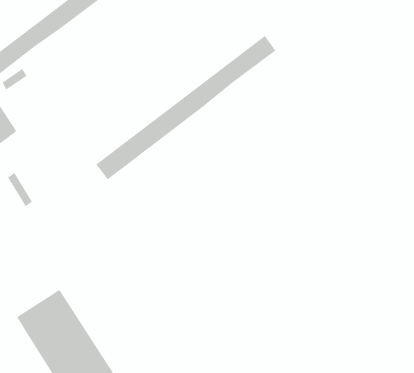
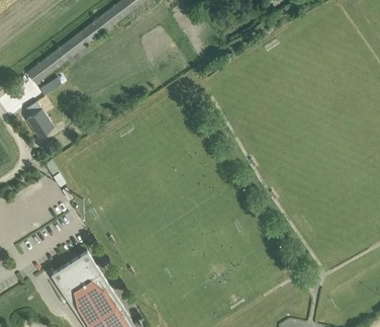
building: [95,35,276,180] -> none

